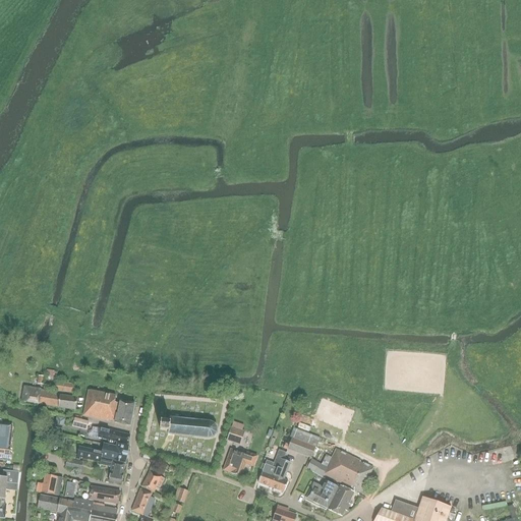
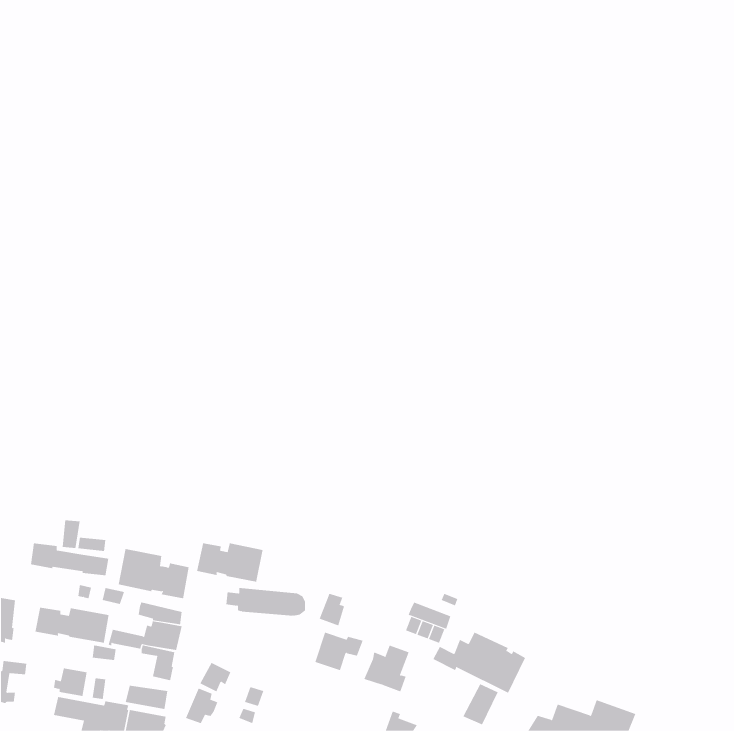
building: none -> [197,542,263,582]
building: none -> [35,607,109,643]
building: [305,479,338,507] -> none

